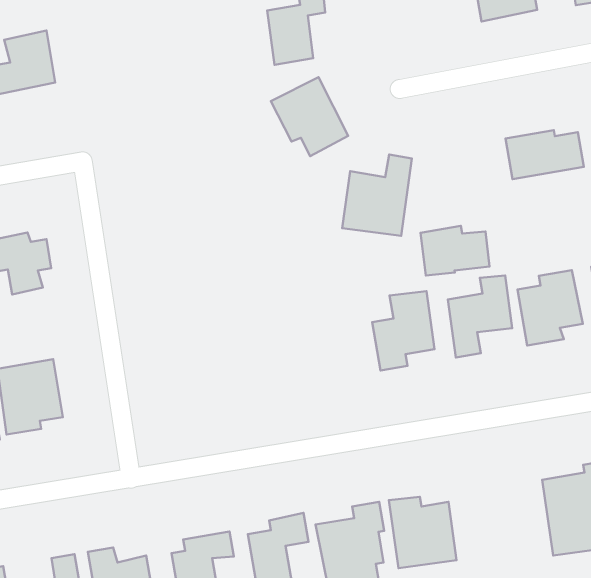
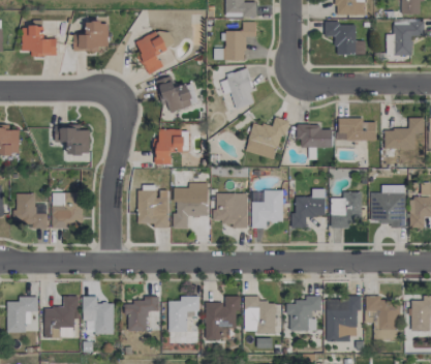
building: none -> [133,29,170,73]
building: none -> [158,75,193,113]
building: none -> [154,128,183,164]
building: [420,226,490,276] -> [298,124,333,148]
building: none -> [174,183,208,228]
building: none -> [215,192,248,228]
building: none -> [138,185,168,228]
building: none -> [287,295,321,331]

